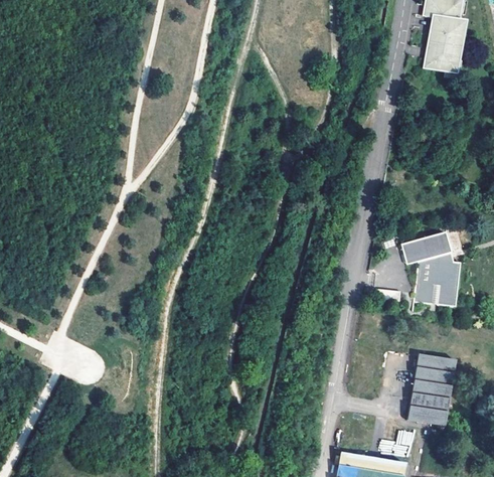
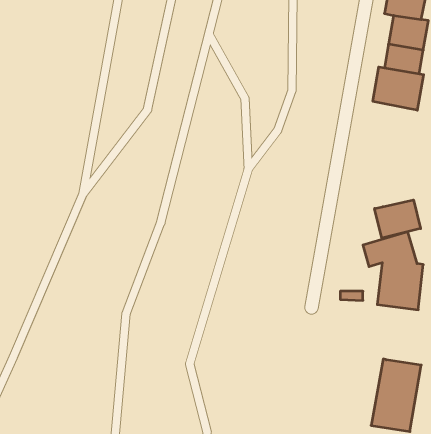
building: none -> [373,67,424,110]
building: none -> [375,200,421,238]

